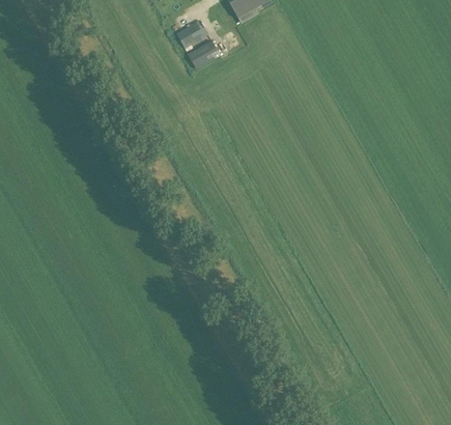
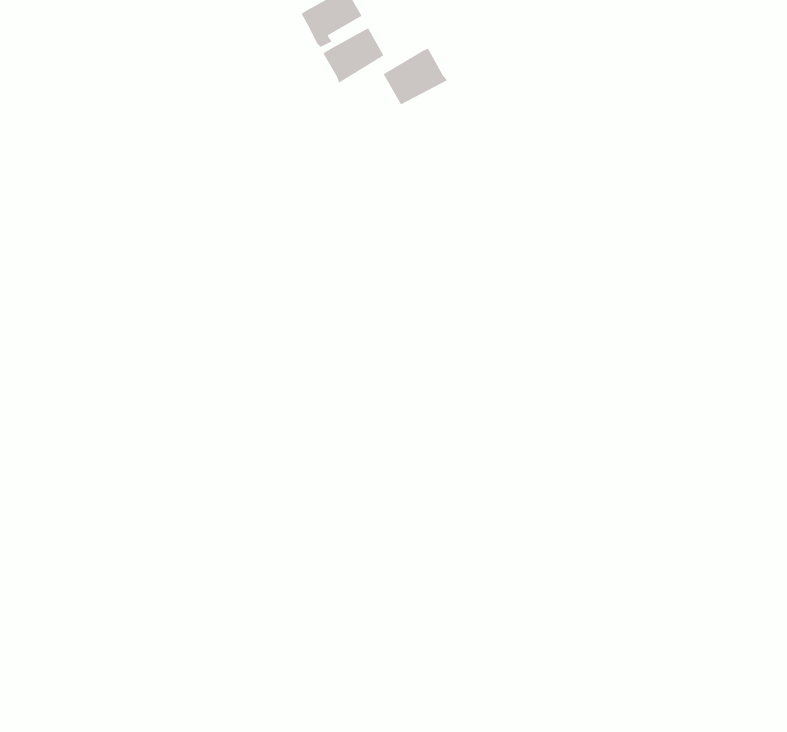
building: none -> [383,48,448,105]

